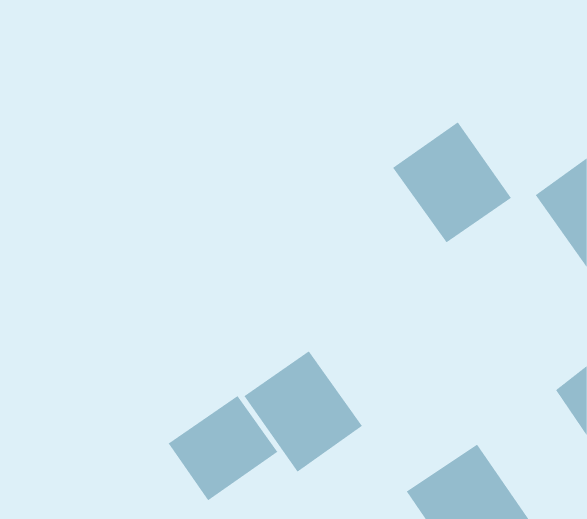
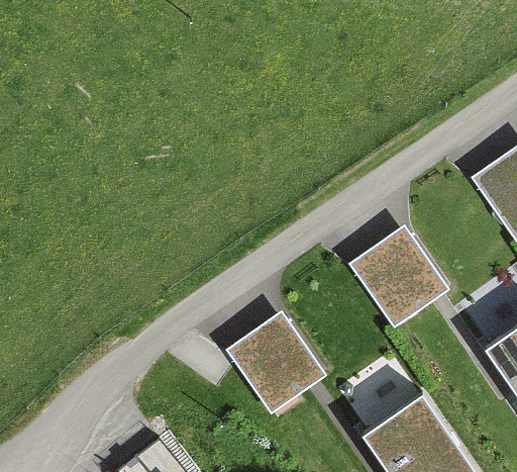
building: [392,121,512,243] -> [349,224,450,327]
building: [168,395,278,501] -> none

